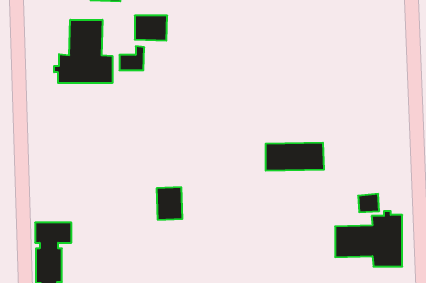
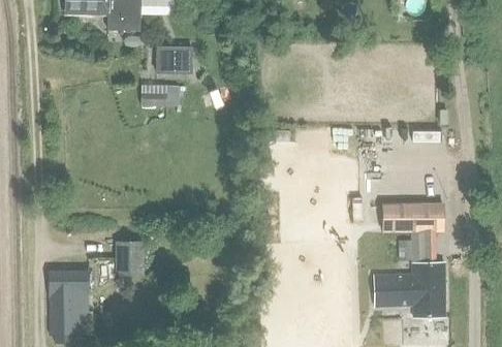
building: [54,20,112,83] -> none
building: [266,143,324,171] -> [382,202,445,232]
building: [157,187,182,220] -> [115,240,143,275]

